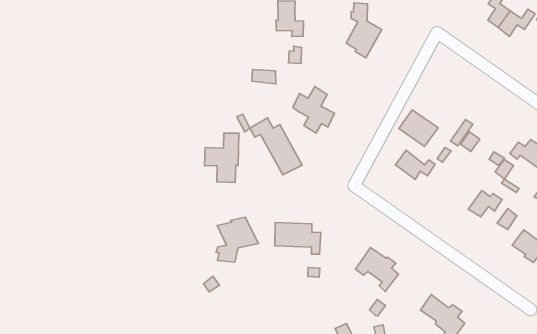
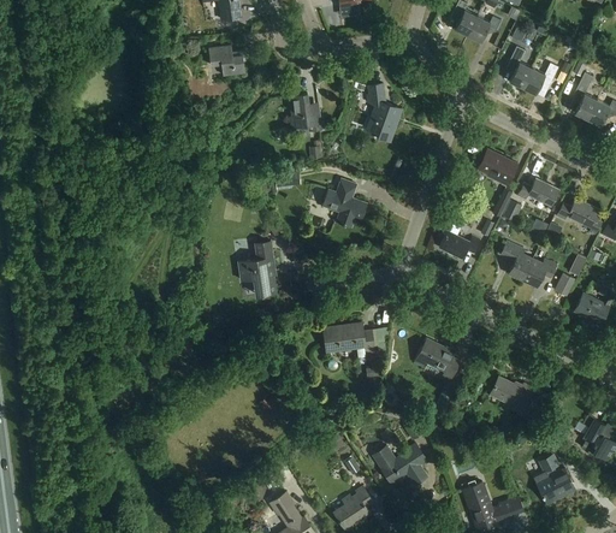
building: [399,110,438,147] -> [476,149,517,185]
building: none -> [517,178,558,206]
building: [250,118,302,175] -> none
building: none -> [499,242,533,280]
building: [216,217,259,262] -> none

